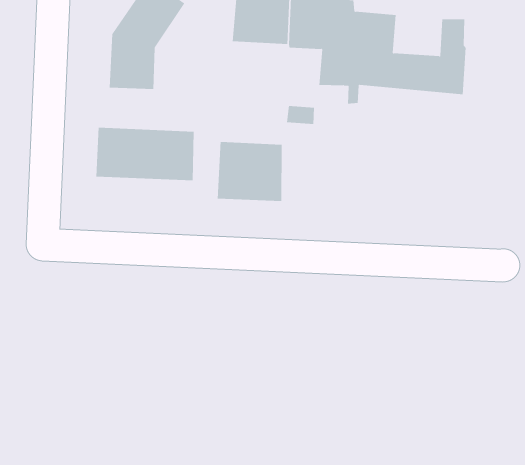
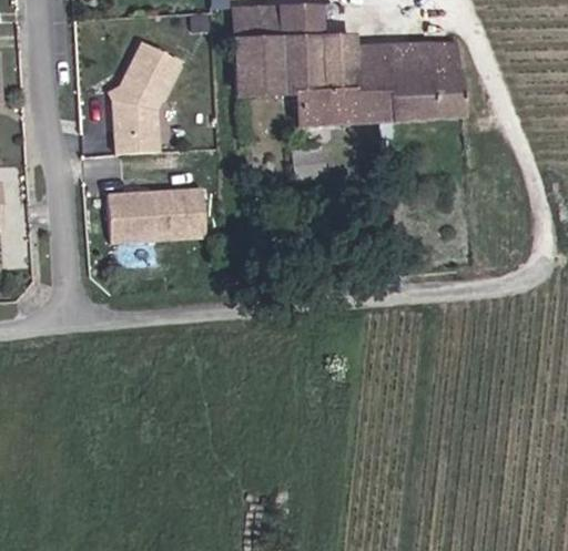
building: none -> [390,48,437,86]
building: [217,141,282,202] -> none

